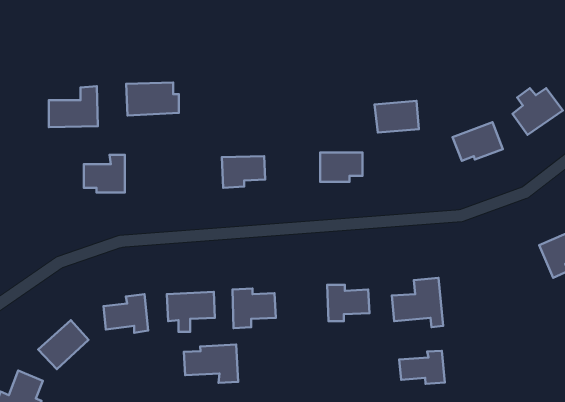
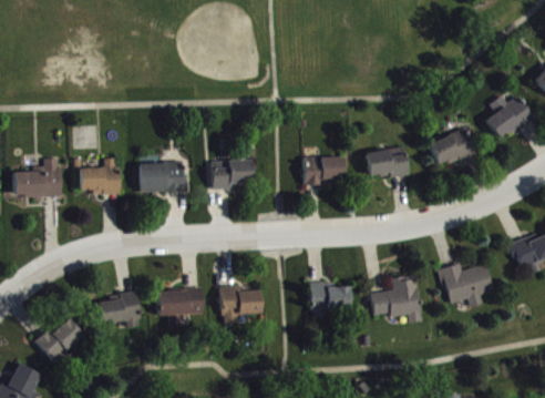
building: [126,83,179,115] -> [138,162,188,193]
building: [49,86,98,127] -> [14,157,61,196]
building: [374,101,419,133] -> [366,147,408,177]
building: none -> [440,263,493,306]
building: [184,345,238,383] -> none
building: [399,351,445,384] -> none

